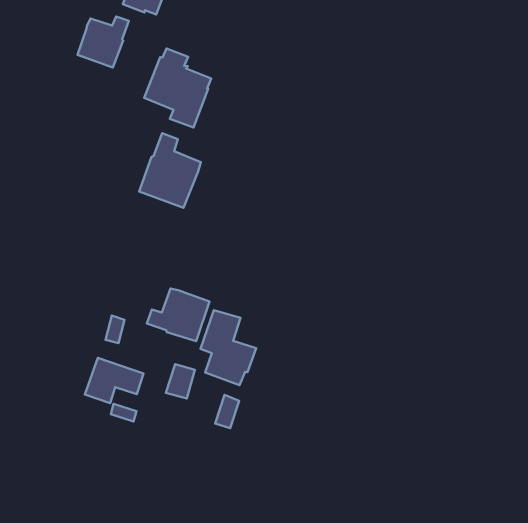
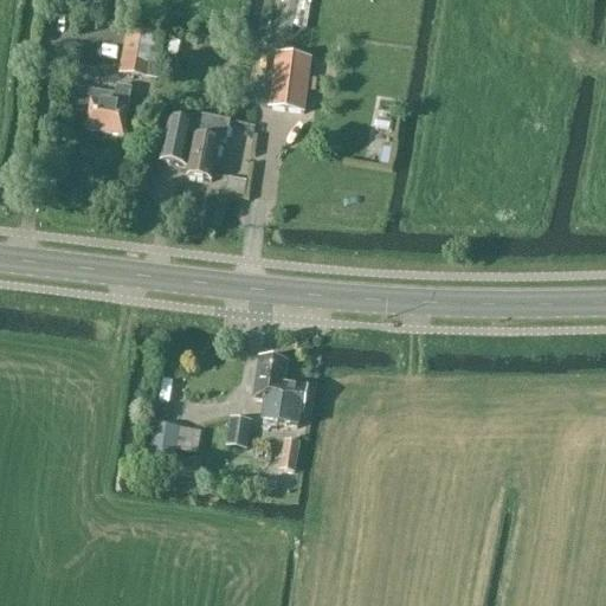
building: none -> [269,49,311,108]
building: [139,133,201,208] -> none
building: [147,288,209,341] -> none

